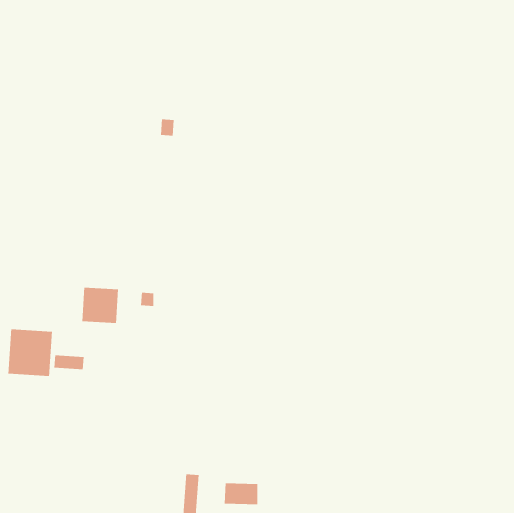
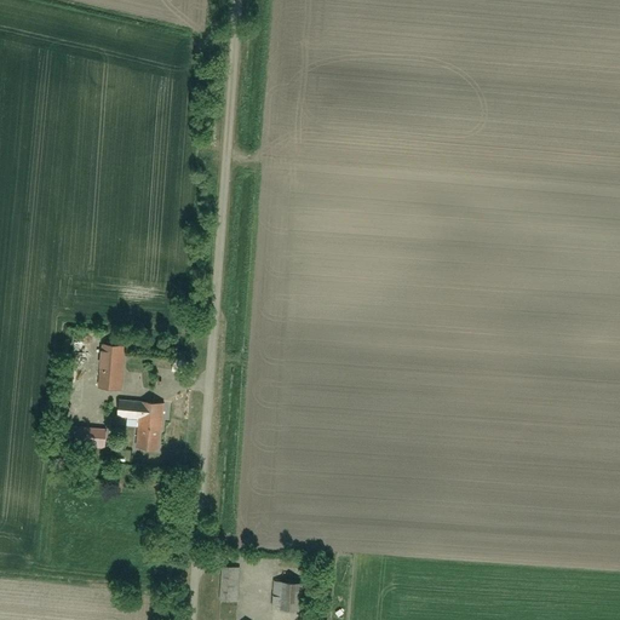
building: [8,329,52,377] -> none
building: none -> [114,402,159,450]

